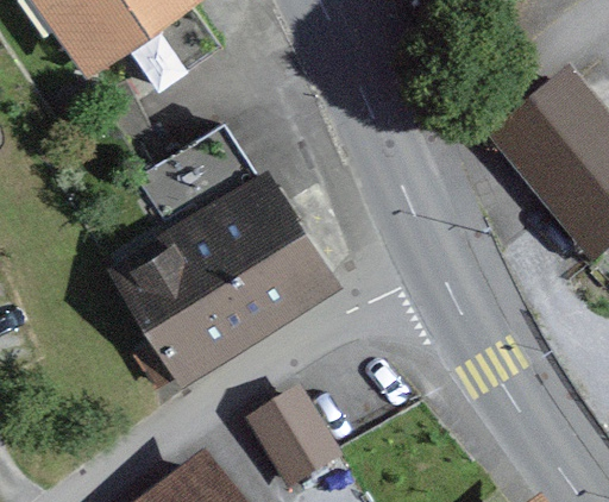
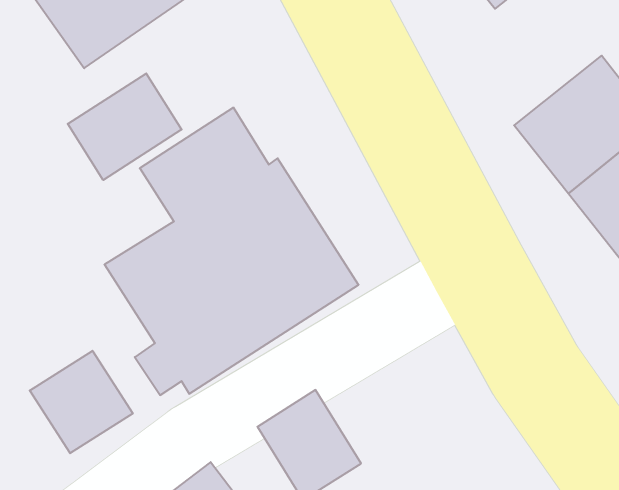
building: none -> [68,73,182,180]
building: none -> [30,351,133,453]

